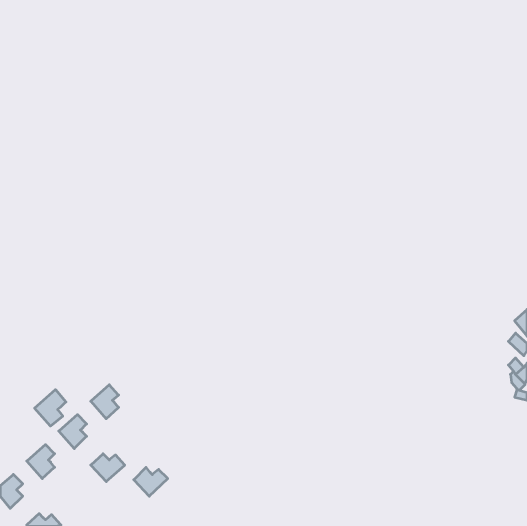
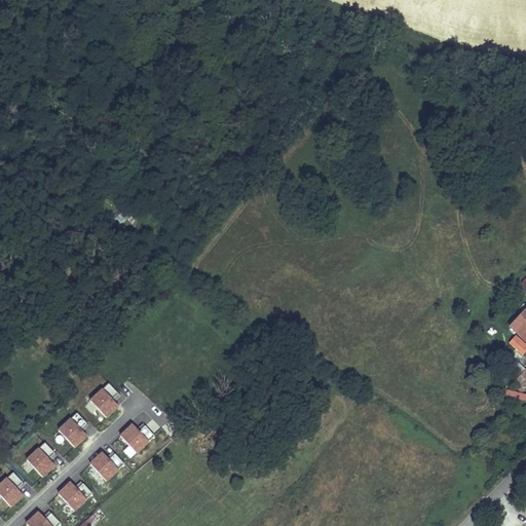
building: [35,390,66,426] -> none
building: [134,467,168,496] -> [120,423,154,452]
building: none -> [59,482,92,510]

